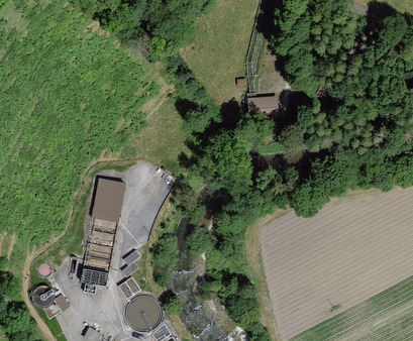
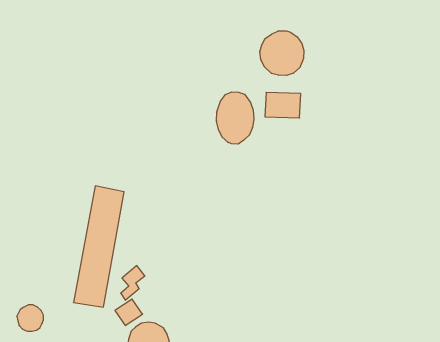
building: none -> [260,31,304,75]
building: none -> [217,92,254,144]

